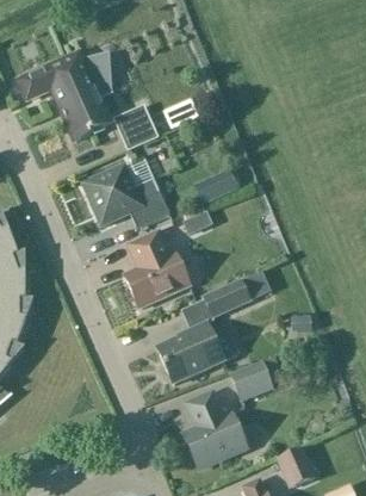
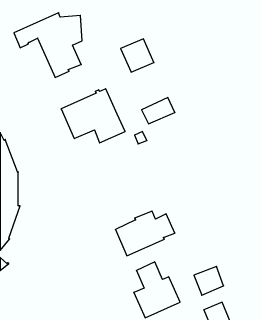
building: [113,104,159,149] -> [121,39,154,72]
building: [124,231,190,308] -> none
building: [204,272,268,317] -> none
building: [230,361,271,401] -> [194,266,224,295]

